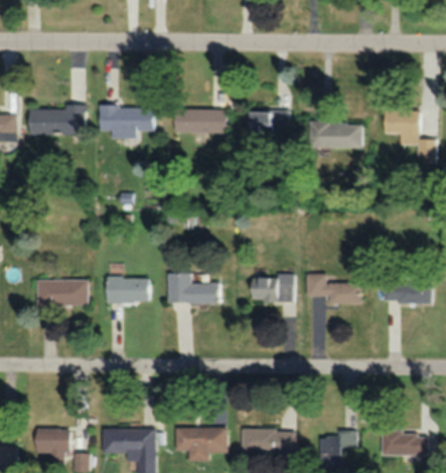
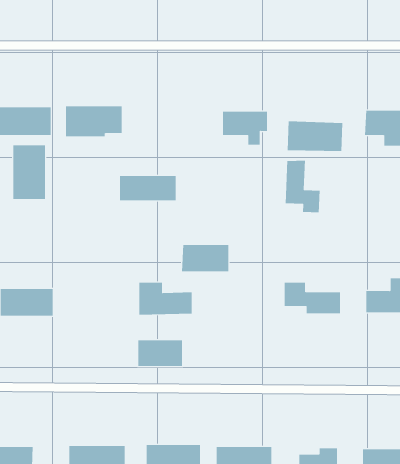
building: [173,110,228,134] -> [119,175,176,201]
building: none -> [13,144,46,200]
building: none -> [285,160,320,213]
building: [249,276,294,302] -> [181,244,229,272]
building: [106,278,149,303] -> [137,340,183,366]

